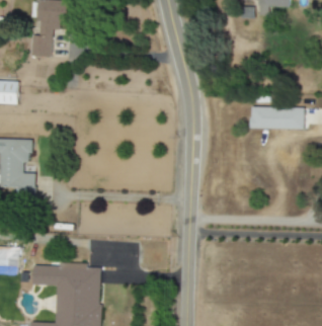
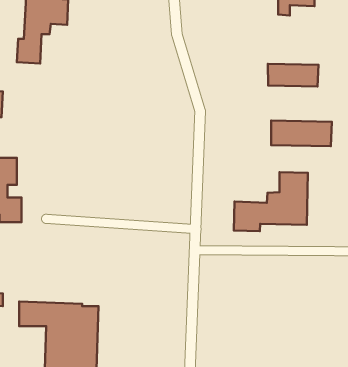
building: none -> [268,64,318,87]
building: none -> [234,172,308,231]

